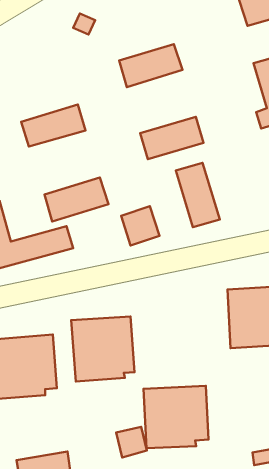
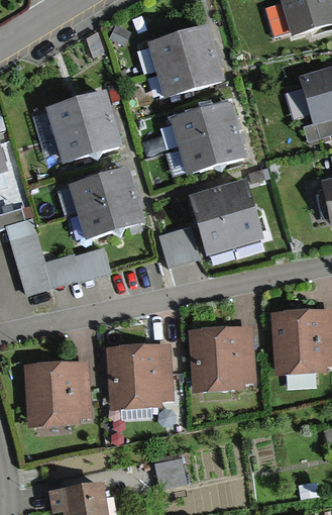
building: none -> [147,26,214,72]
building: none -> [45,90,113,136]
building: none -> [171,102,237,148]
building: none -> [69,167,136,213]
building: none -> [188,188,234,256]
building: [143,386,209,448] -> [187,326,255,392]

